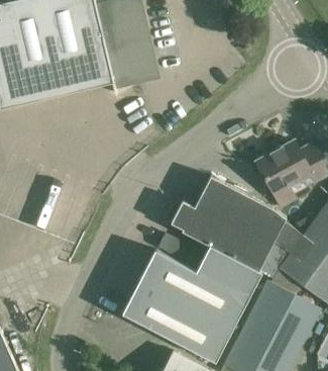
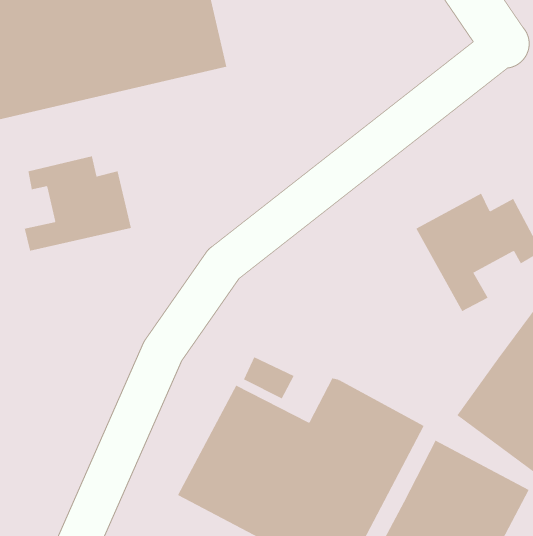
building: none -> [24,156,131,251]
building: [170,176,303,279] -> none

